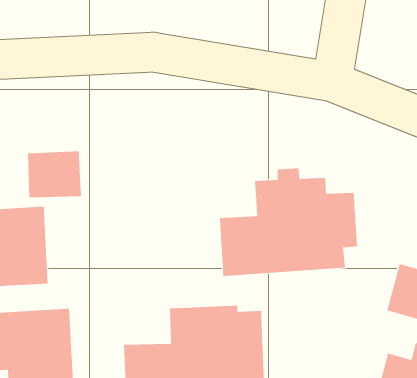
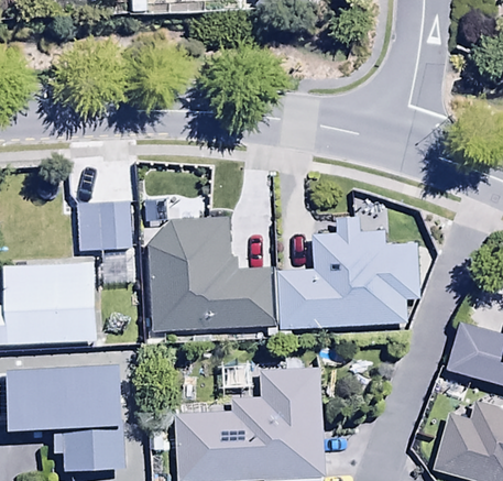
building: none -> [147,216,273,331]

